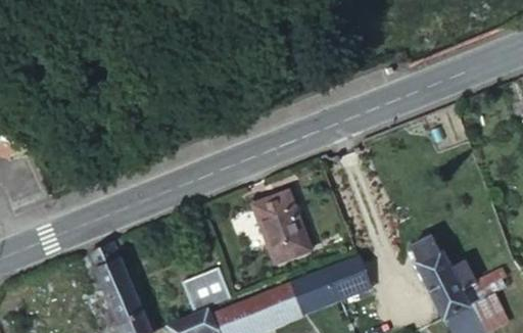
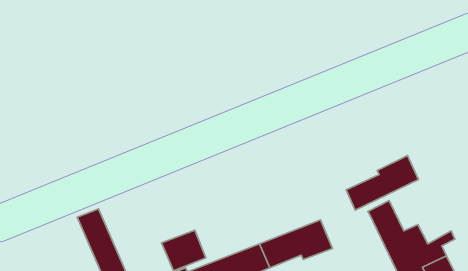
building: none -> [346,155,418,210]
building: [251,191,312,264] -> none

